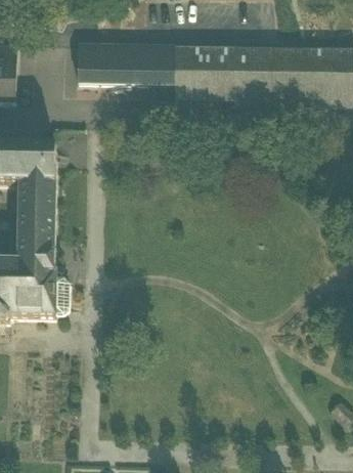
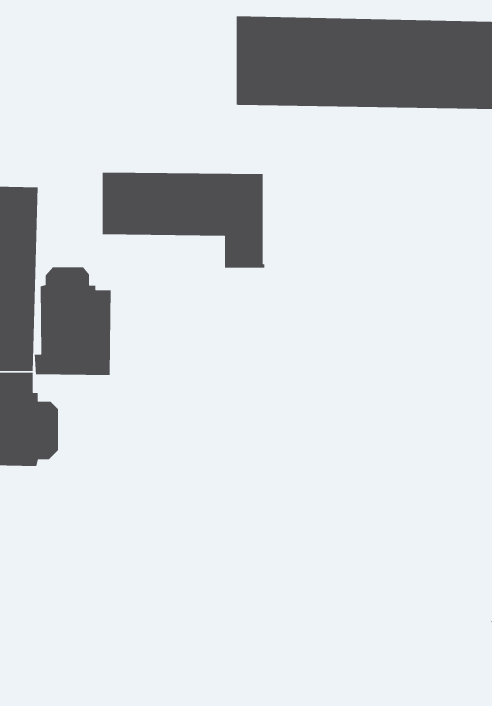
building: [77,43,175,101] -> [102,172,265,269]
building: none -> [34,266,111,376]

